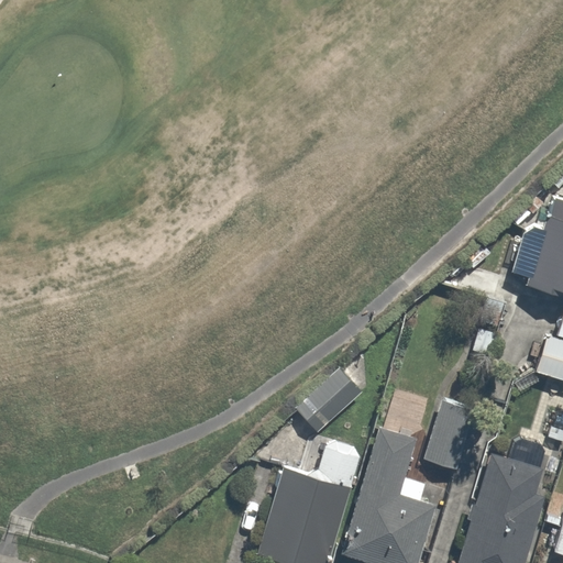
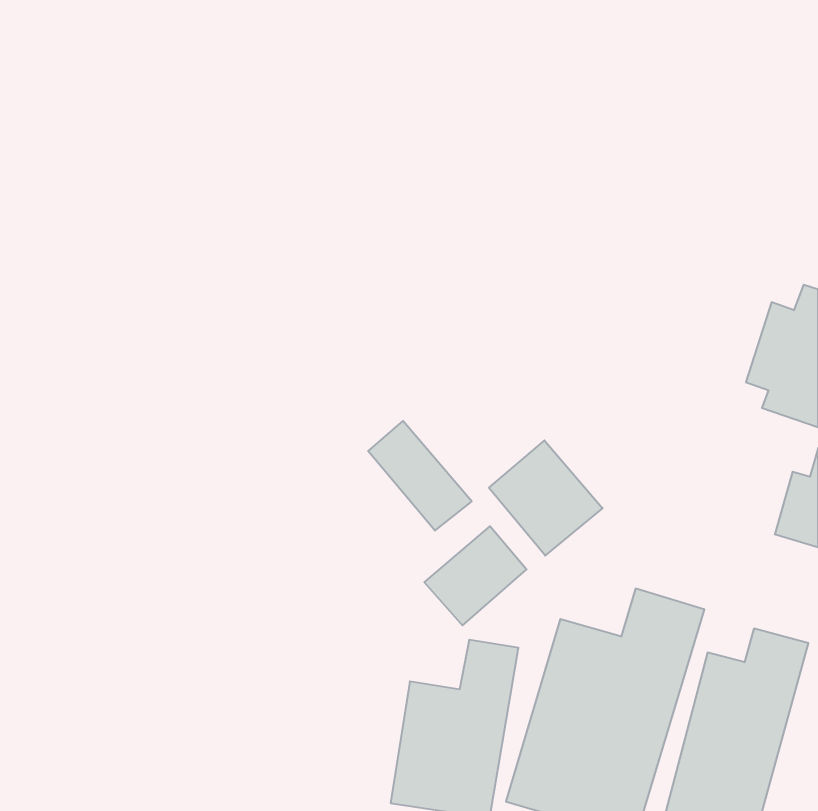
building: none -> [368,421,472,531]
building: none -> [489,440,603,556]

